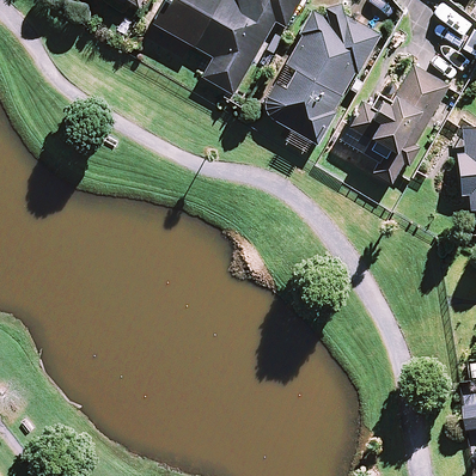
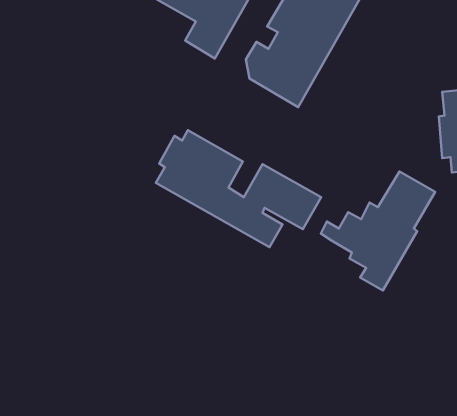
building: [334,66,448,185] -> [321,172,435,290]
building: none -> [156,130,321,247]

